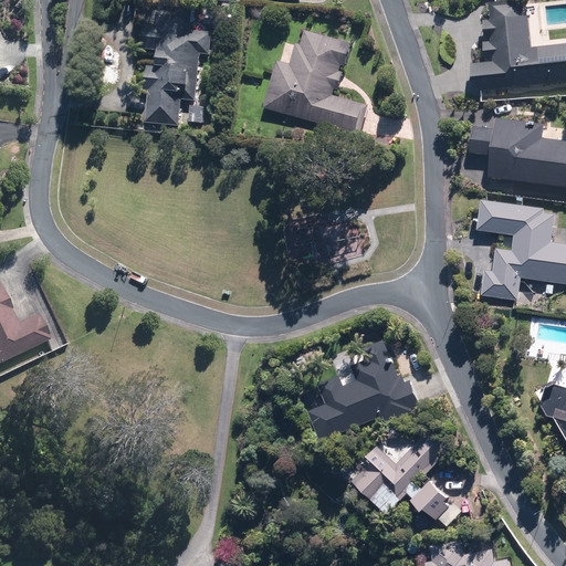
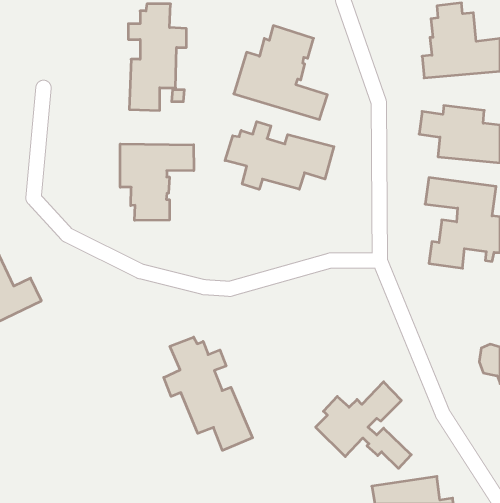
building: none -> [225,122,334,189]
building: none -> [120,144,194,220]
building: [307,346,419,440] -> none
building: none -> [164,337,253,450]

